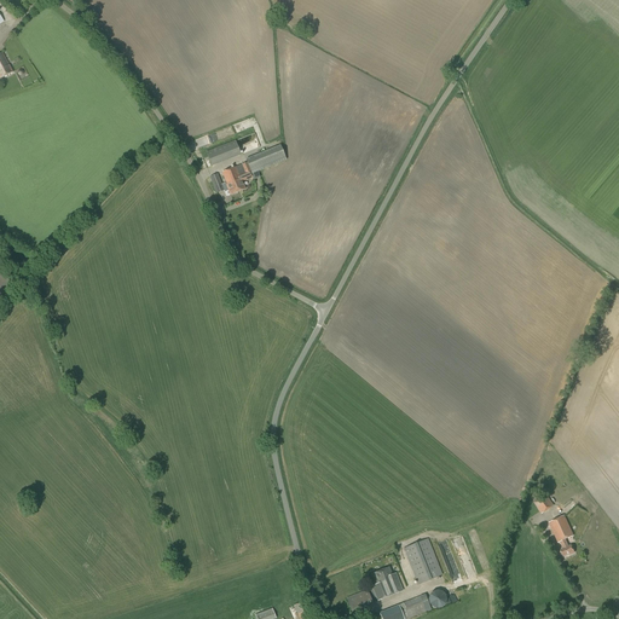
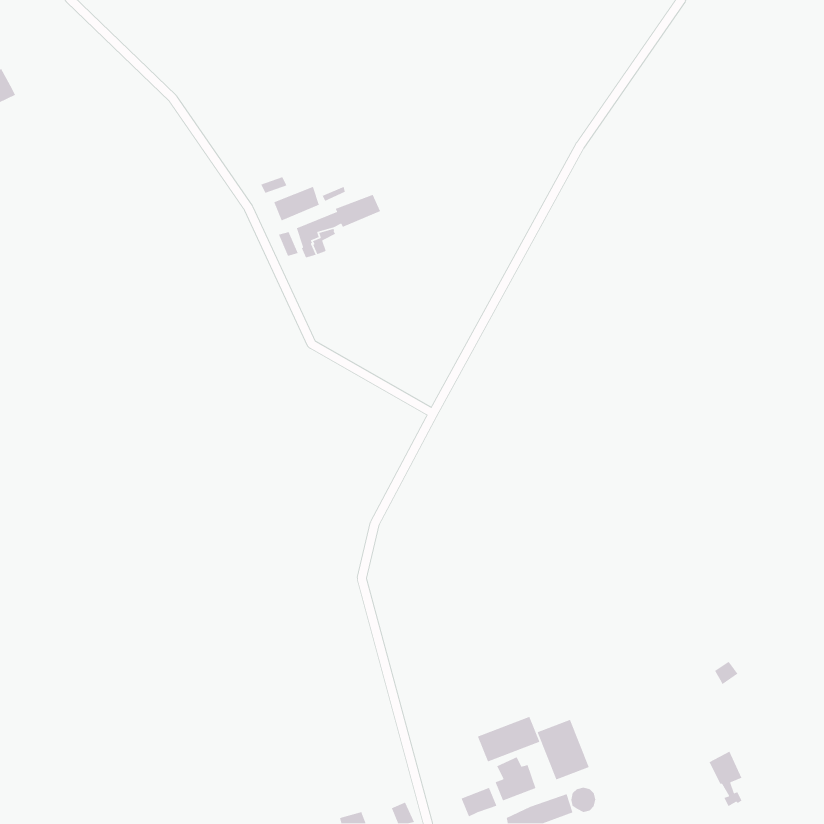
building: [548,514,573,556] -> [709,751,743,807]
building: none -> [477,716,541,762]

